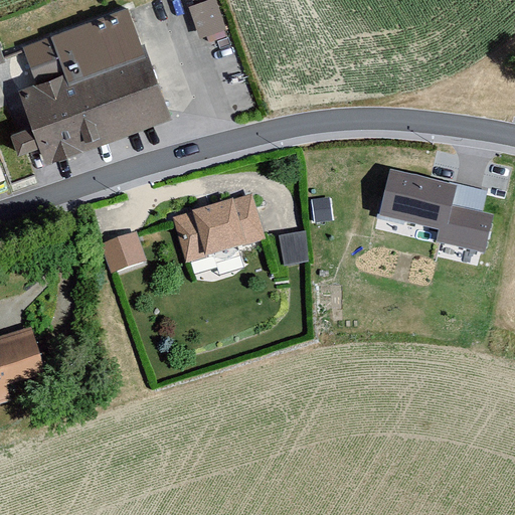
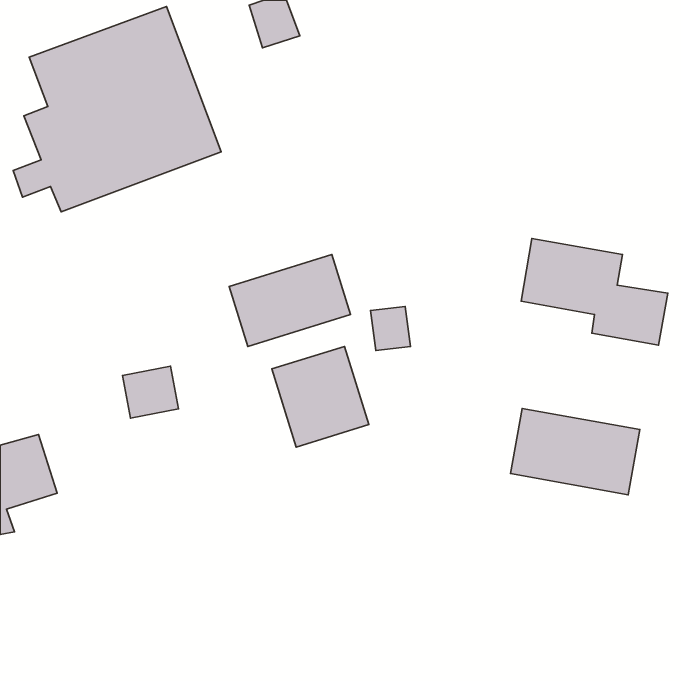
building: [104,231,146,271] -> [123,366,179,418]
building: none -> [272,346,369,447]
building: none -> [510,408,640,495]

